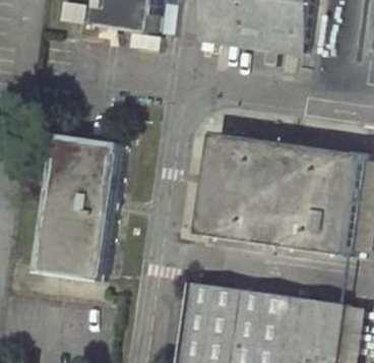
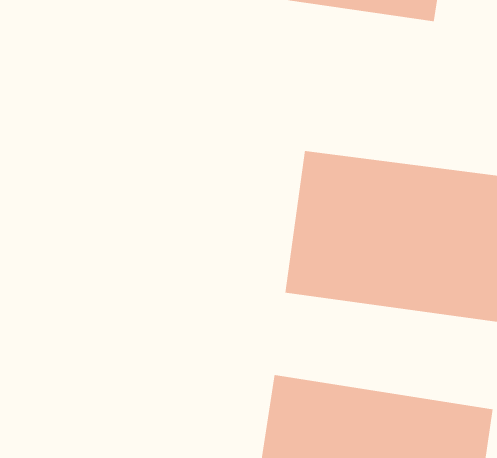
building: [39,133,117,275] -> none

